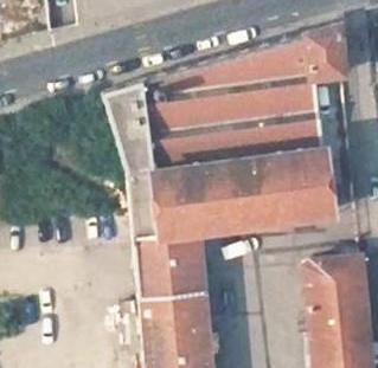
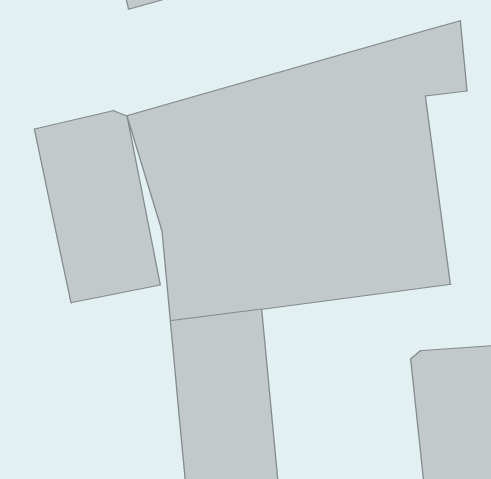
building: none -> [34,110,160,303]

